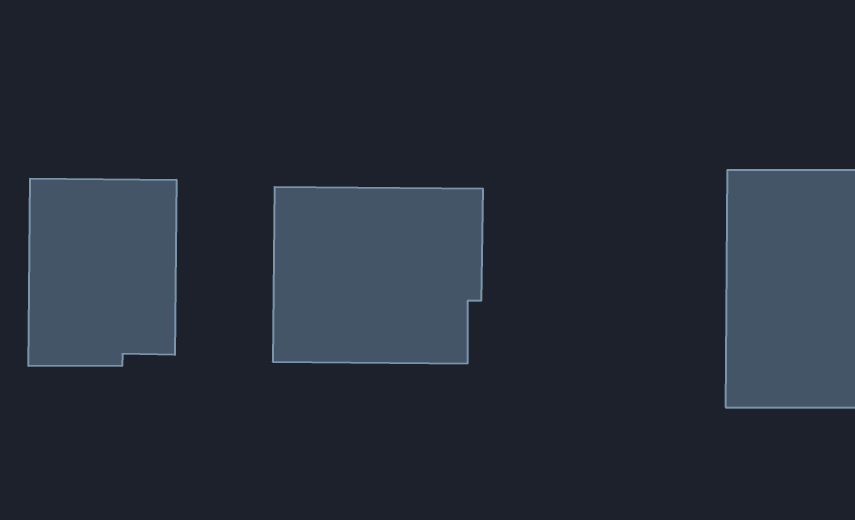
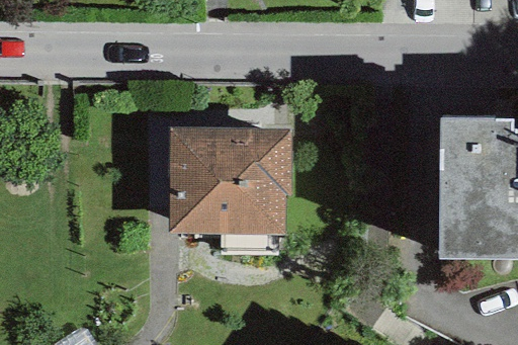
building: [28,179,176,366] -> none

